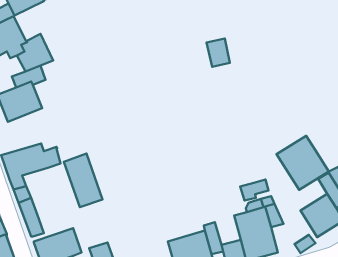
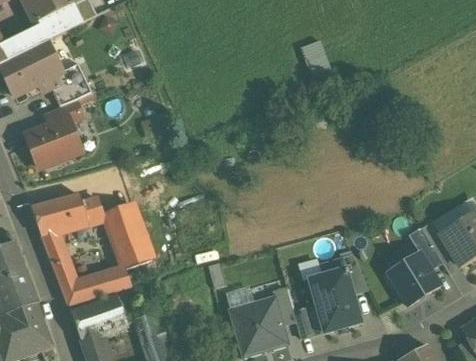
building: [206,38,230,67] -> [302,39,330,73]
building: [276,136,329,190] -> none
building: [240,180,269,201] -> none
building: none -> [75,268,129,299]

